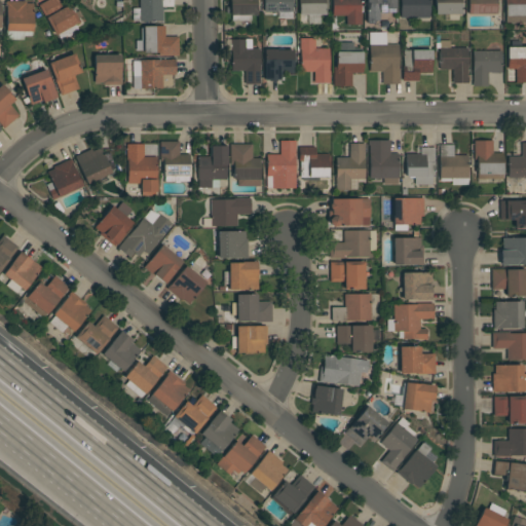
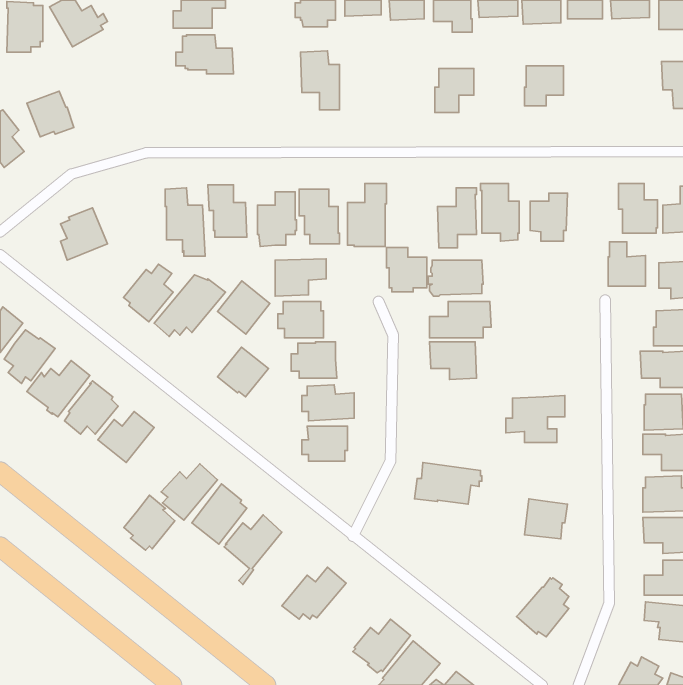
building: [370,33,402,84] -> none
building: [301,38,332,83] -> none
building: [437,41,469,83] -> none
building: [266,49,296,82] -> none
building: [475,51,503,86] -> none
building: [50,53,83,96] -> none
building: [96,54,124,85] -> none
building: [134,60,178,89] -> none
building: [441,145,469,179] -> [608,242,646,286]
building: [76,146,113,184] -> none
building: [300,147,331,181] -> [386,248,427,292]
building: [394,198,425,225] -> none
building: [394,238,424,266] -> none
building: [145,245,185,286] -> [218,281,270,334]
building: [404,273,434,300] -> none
building: [333,294,373,322] -> none
building: [338,326,374,353] -> none
building: [103,331,142,373] -> [124,495,175,550]
building: [401,346,437,379] -> none
building: [311,385,344,416] -> none
building: [346,406,389,446] -> none
building: [201,411,240,457] -> none
building: [382,423,419,472] -> none
building: [251,451,289,493] -> none

